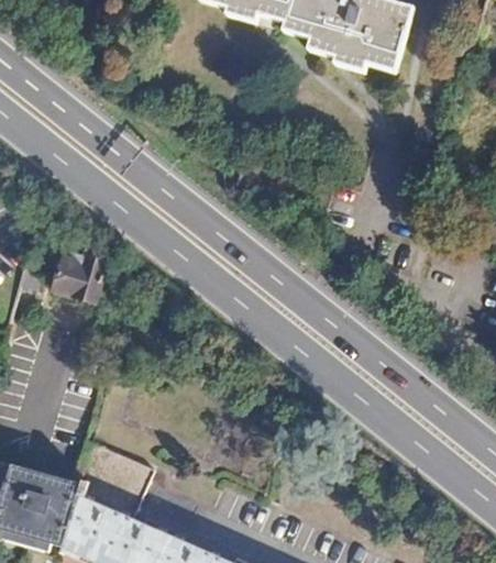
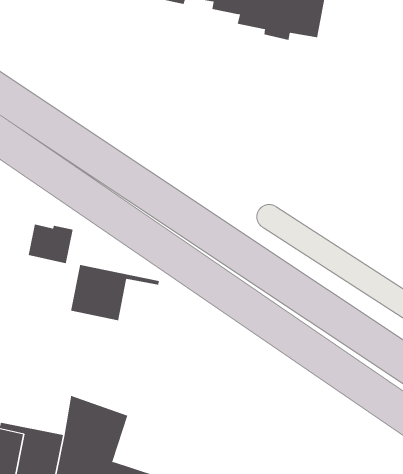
building: none -> [70,264,159,321]

